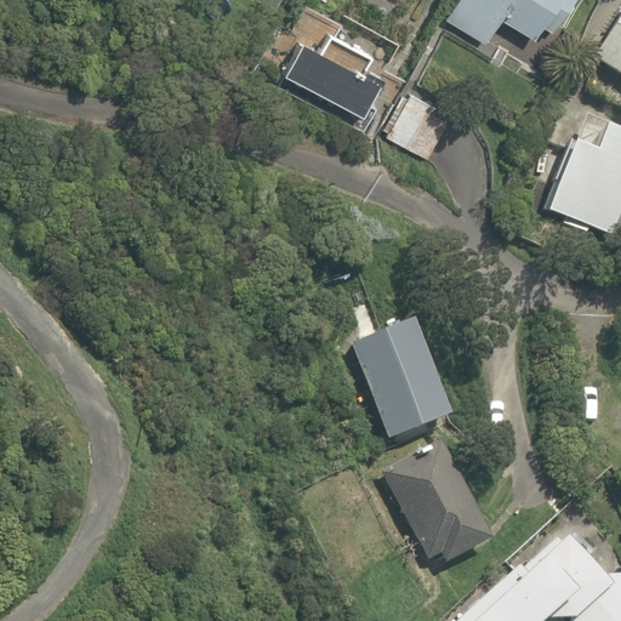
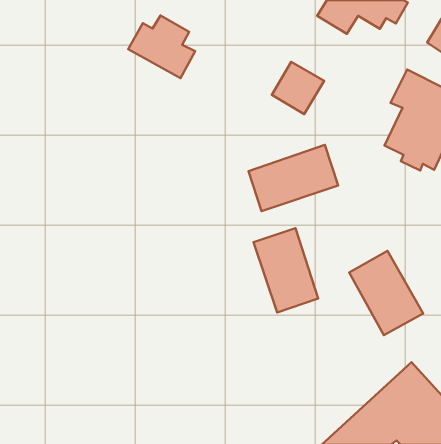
building: [287,29,381,116] -> [128,15,195,78]
building: none -> [249,145,338,211]
building: [386,446,489,564] -> [349,251,423,335]

